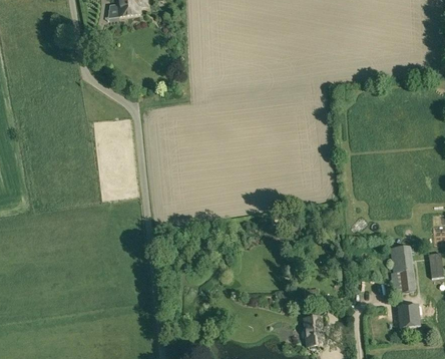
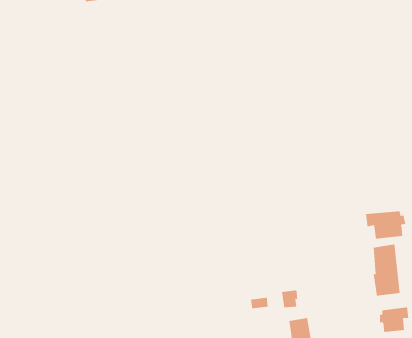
building: none -> [365,210,406,240]

